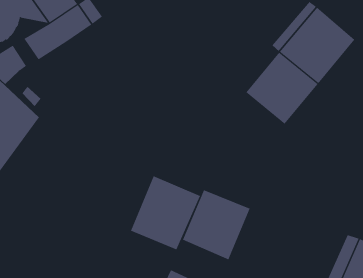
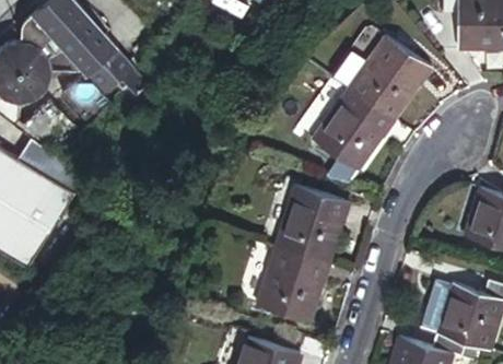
building: [130,176,201,250] -> [274,180,349,260]

